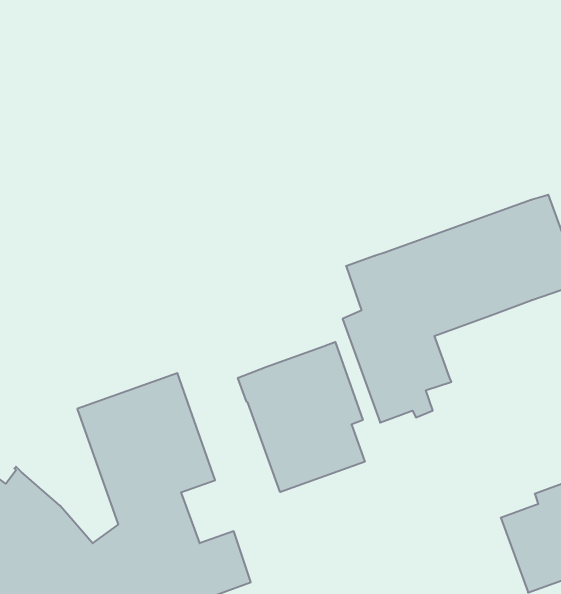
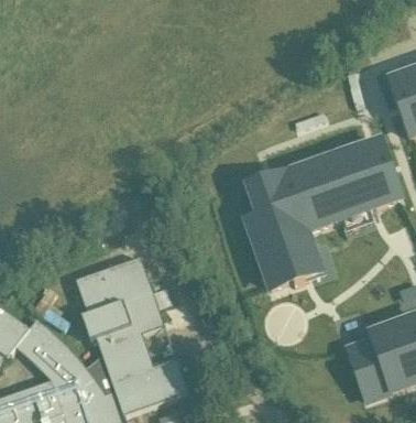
building: [238,342,365,492] -> none

